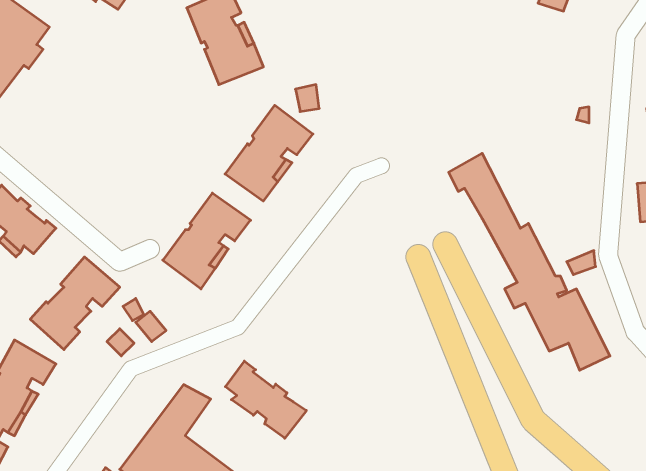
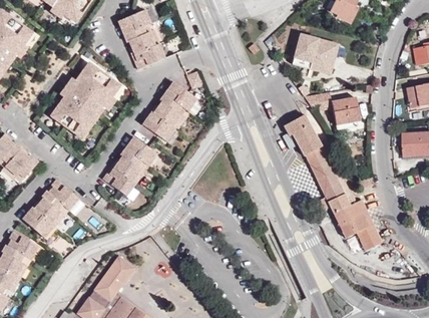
building: none -> [293,36,337,73]
building: none -> [47,68,118,146]
building: none -> [330,97,359,129]
building: [225,361,306,438] -> none

